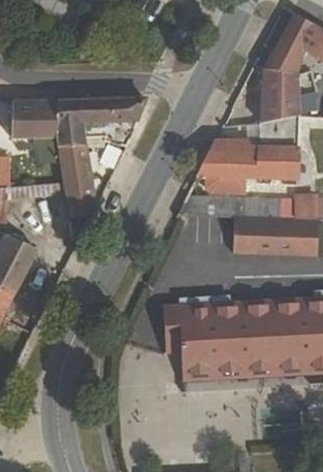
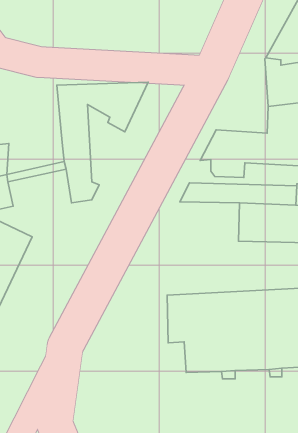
building: [12,99,63,159] -> none

